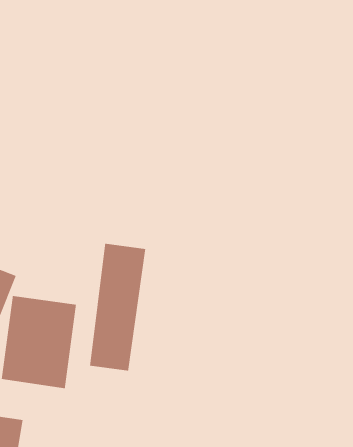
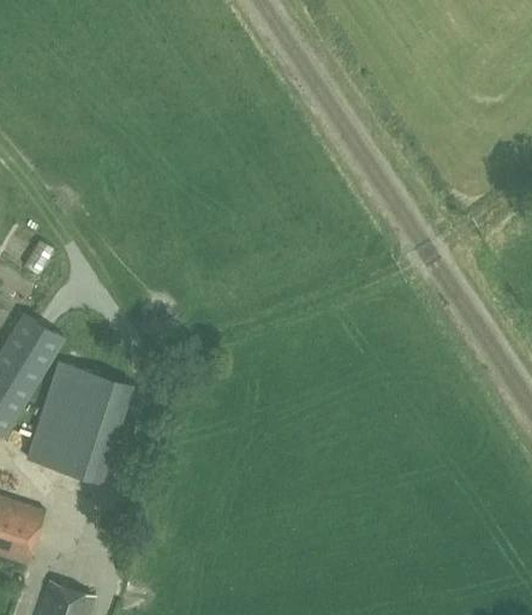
building: [89,243,146,371] -> none

